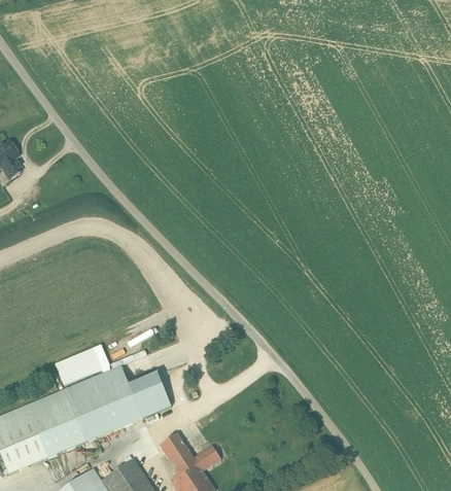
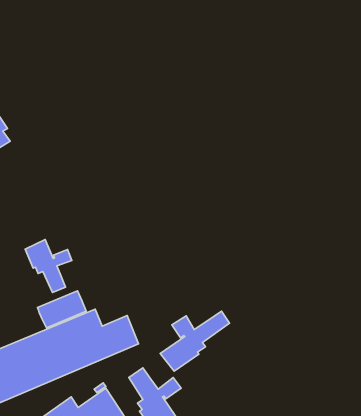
building: none -> [25,239,72,293]
building: none -> [160,311,230,371]

